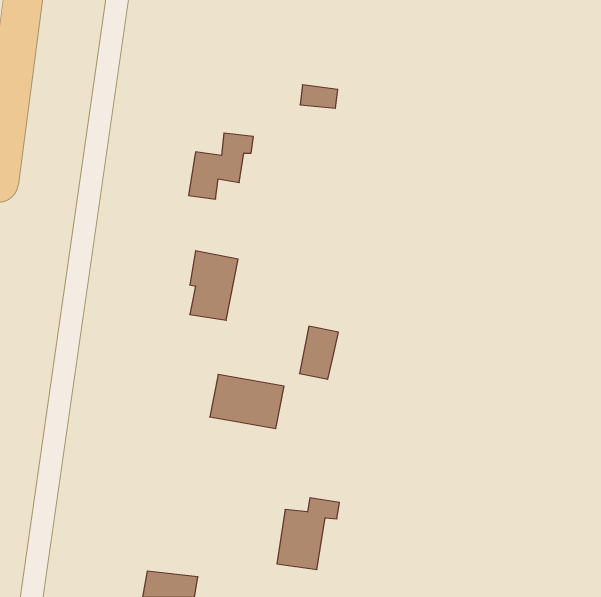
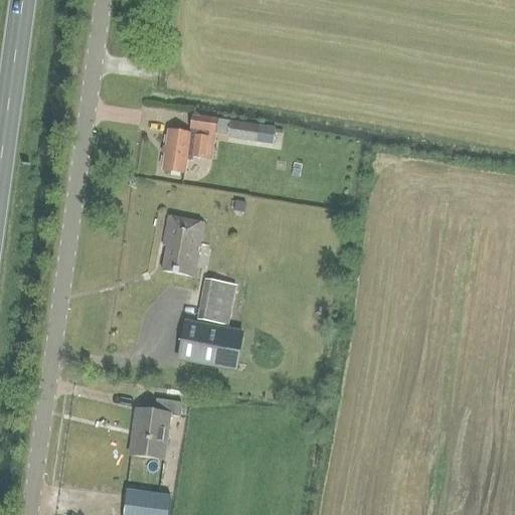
building: [300,85,338,108] -> [226,120,259,140]
building: [299,326,338,379] -> [202,278,235,323]
building: [277,498,339,570] -> [129,397,182,459]

